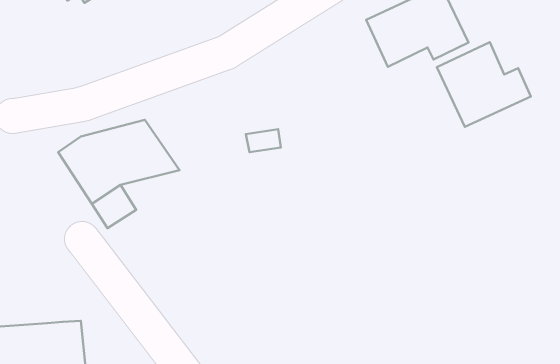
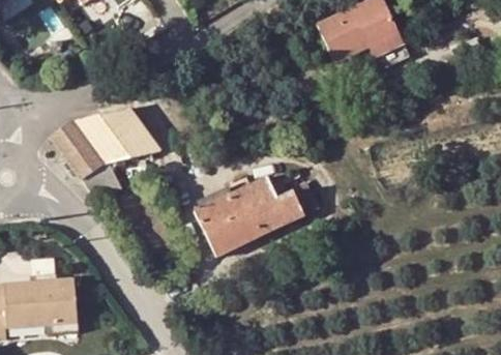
building: [437,42,531,127] -> none
building: none -> [191,176,317,256]

